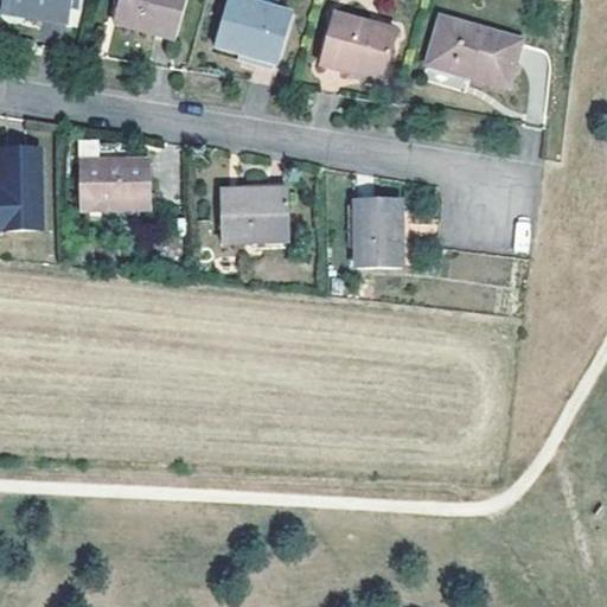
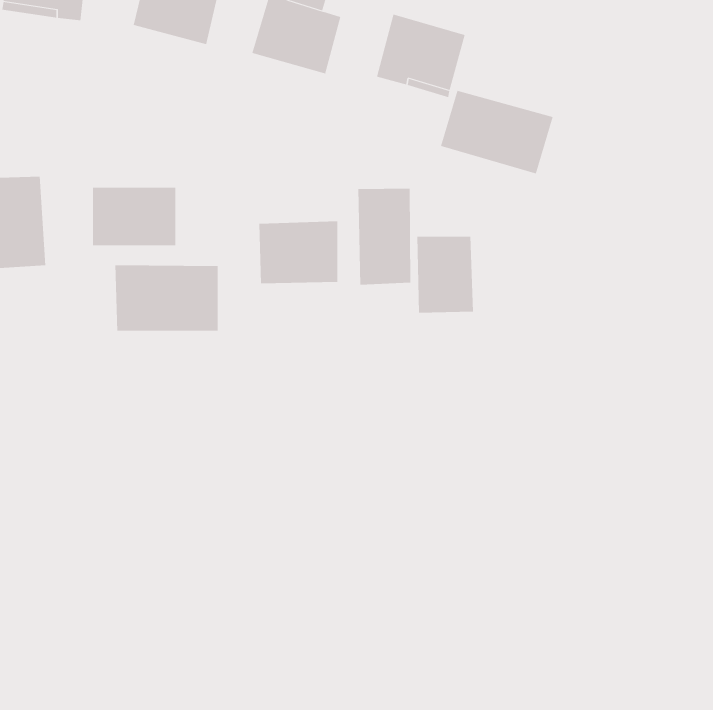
building: [424,15,520,87] -> [440,90,553,174]
building: none -> [358,188,411,286]
building: none -> [115,265,218,331]

